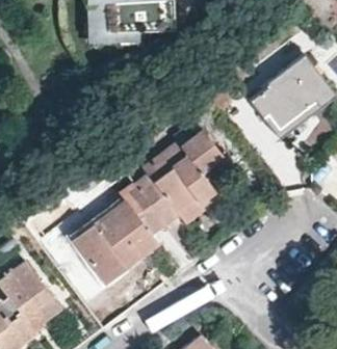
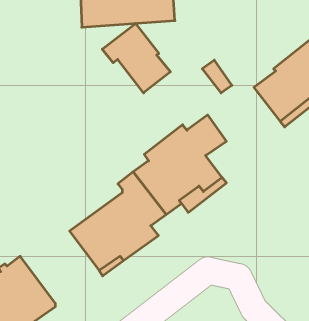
building: none -> [102,23,170,93]

